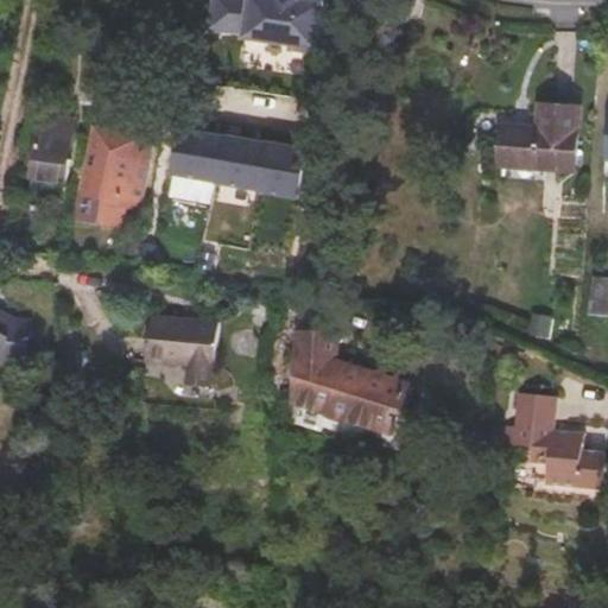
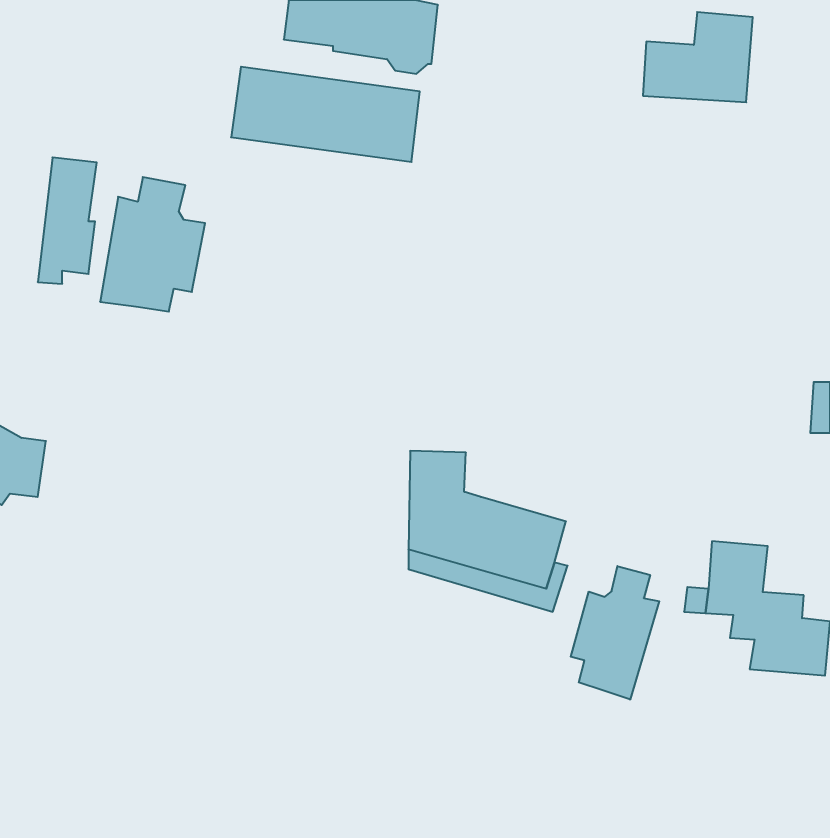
building: [496,104,576,170] -> [643,12,753,102]
building: [170,126,306,195] -> [231,67,420,162]
building: [146,315,217,380] -> none
building: none -> [571,566,659,700]

